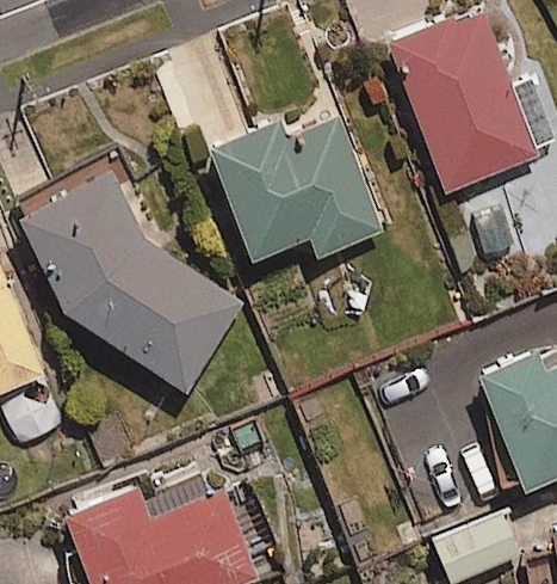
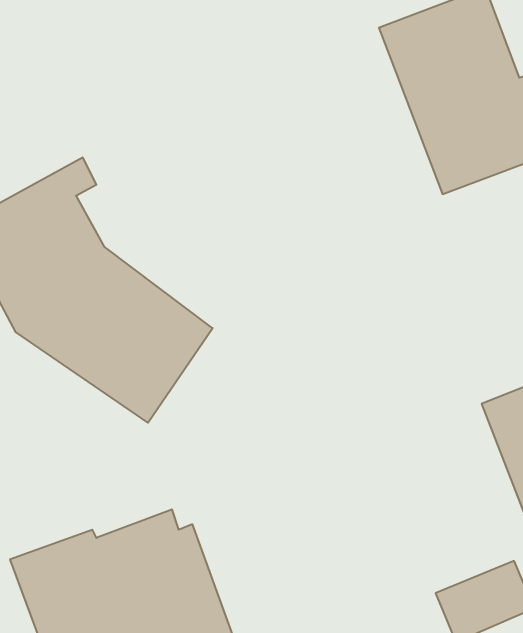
building: [203,117,386,259] -> none

